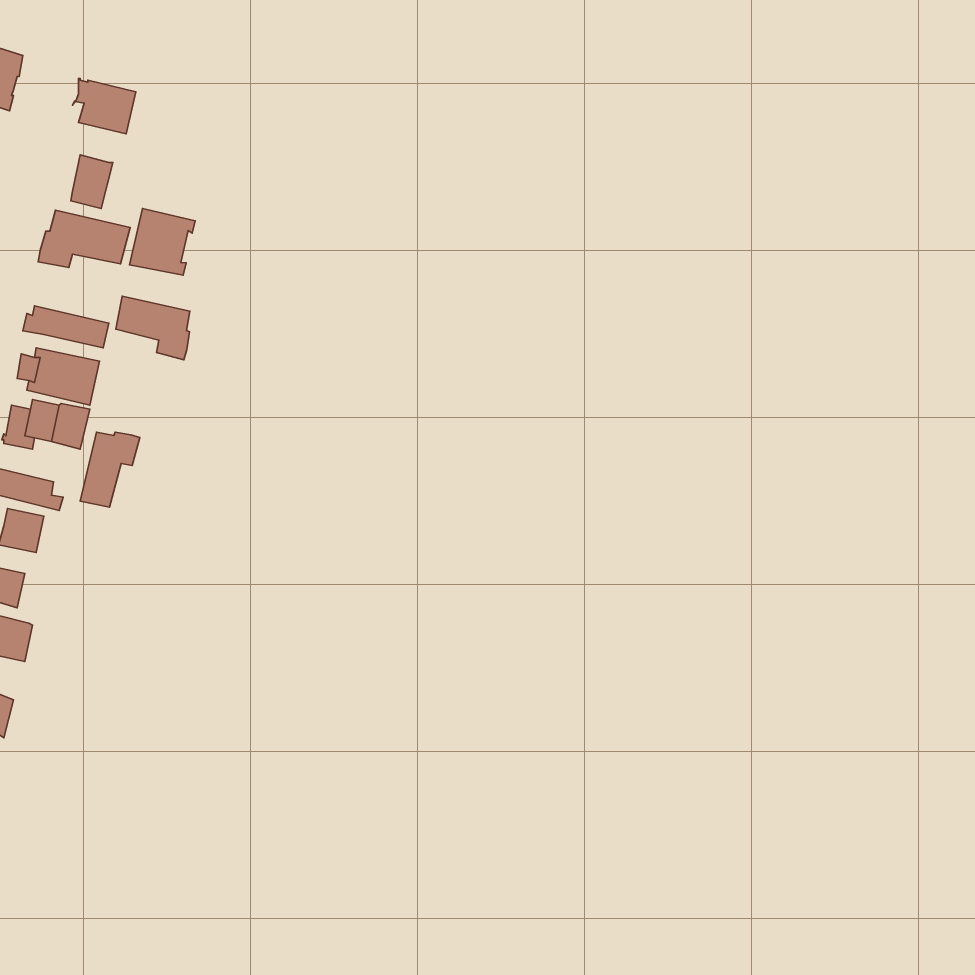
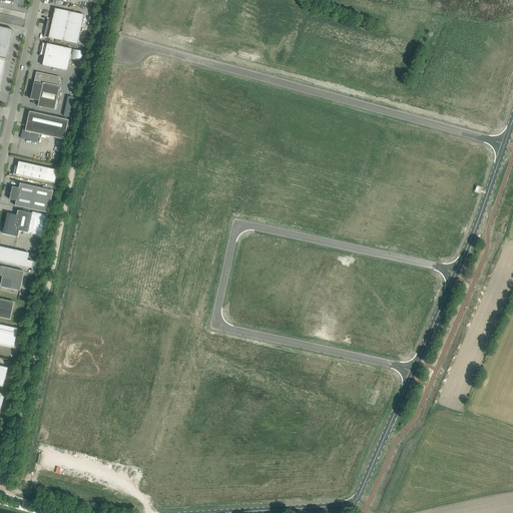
building: none -> [43,7,83,43]
building: none -> [29,71,59,100]
building: [130,208,195,275] -> none
building: [116,296,190,360] -> none
building: [80,432,140,507] -> none

